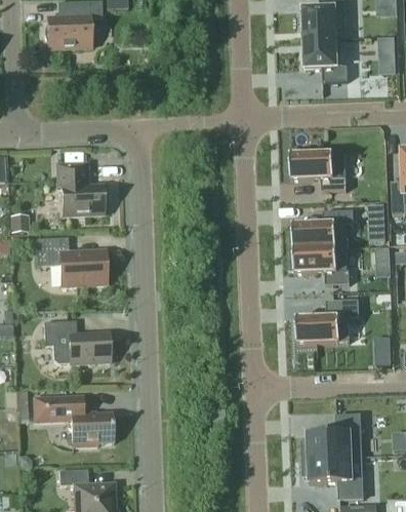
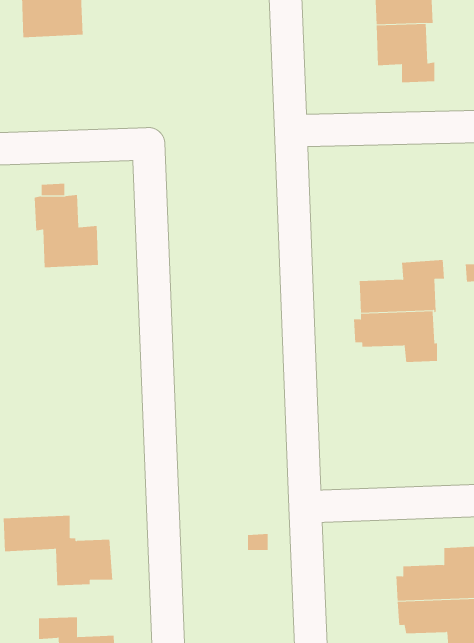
building: [289,148,346,190] -> none
building: [35,236,106,285] -> none
building: [295,298,359,343] -> none
building: [43,319,109,362] -> none

